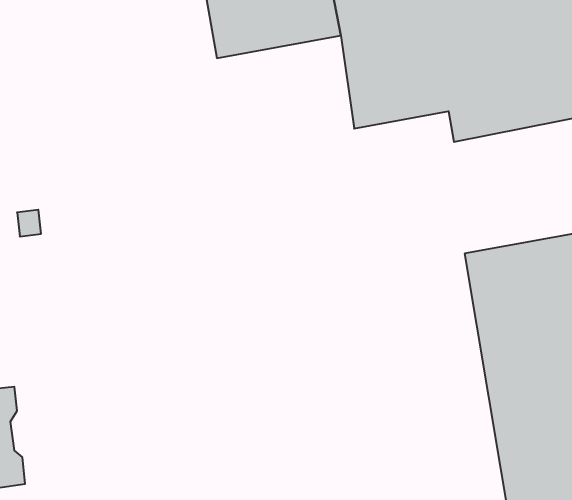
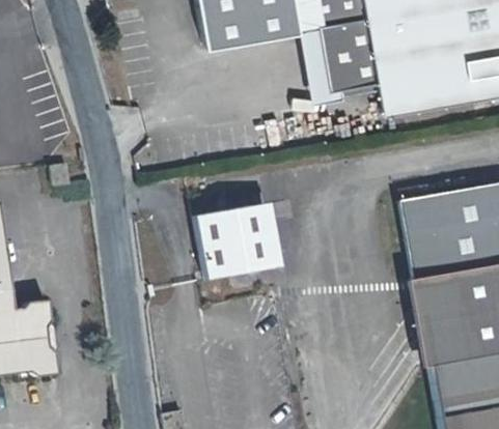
building: none -> [191,208,276,282]

